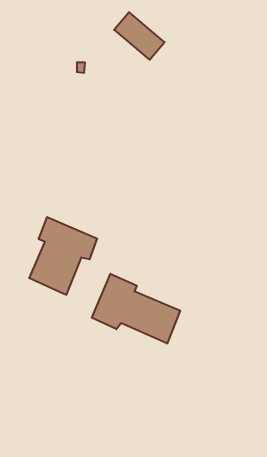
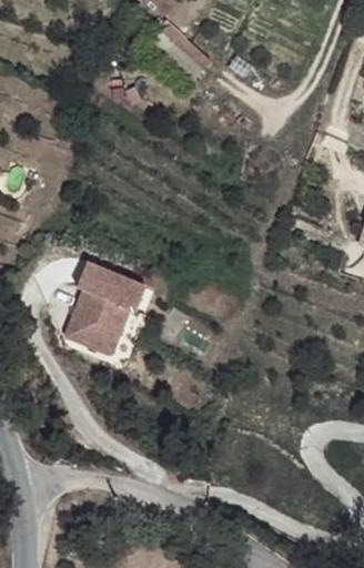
building: [92,274,180,344] -> none

